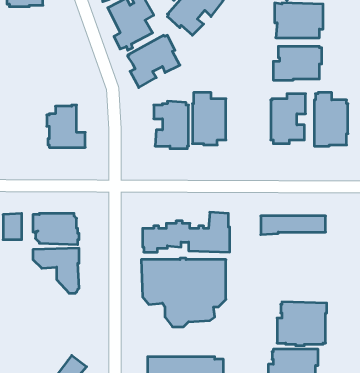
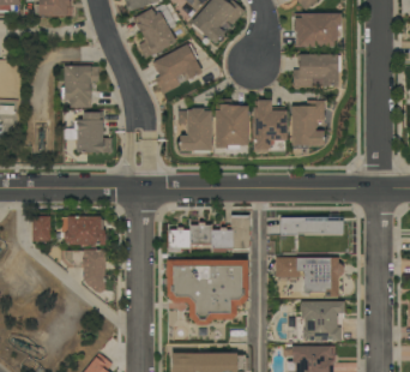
building: none -> [61,65,100,107]
building: [314,93,348,146] -> [253,100,285,151]
building: none -> [276,257,344,296]

